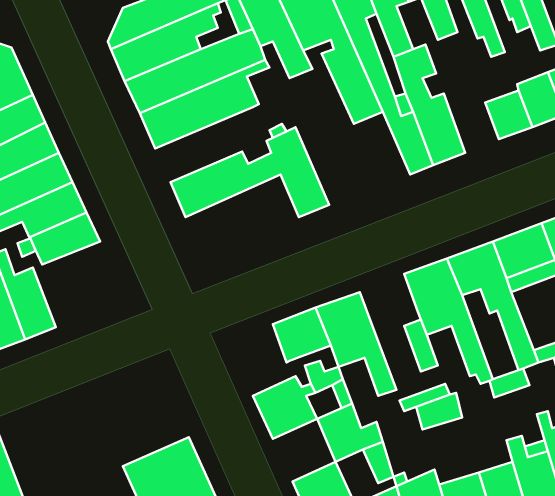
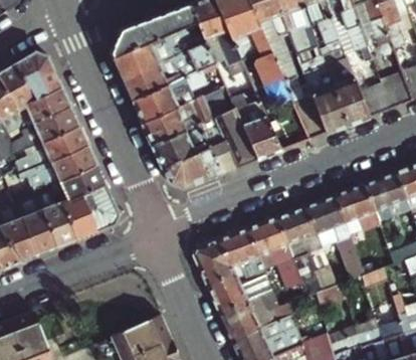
building: none -> [332,57,368,126]
building: none -> [230,88,281,160]
building: none -> [142,96,215,145]
building: none -> [162,140,236,188]
building: none -> [61,184,119,240]
building: none -> [276,205,315,241]
building: none -> [194,238,234,286]
building: none -> [219,301,260,342]

